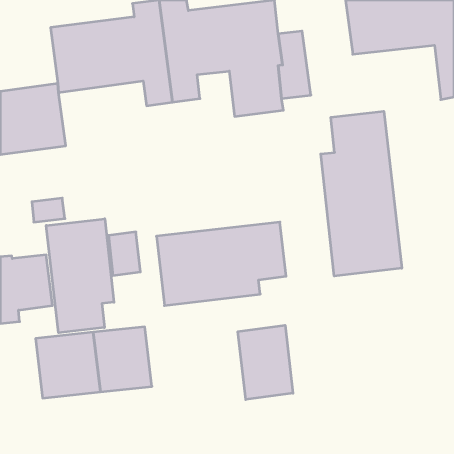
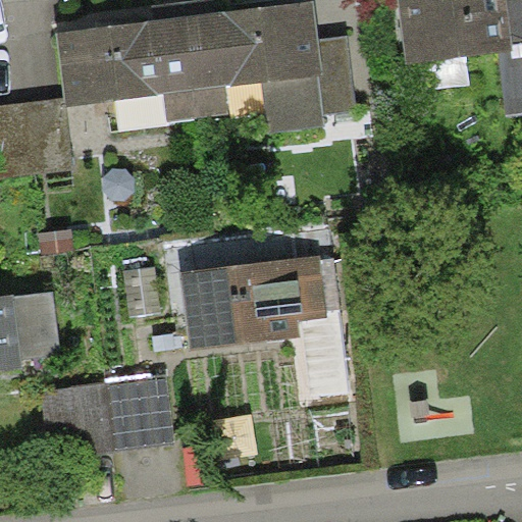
building: [321,111,402,276] -> none
building: [46,219,114,333] -> none
building: [238,325,293,400] -> none

